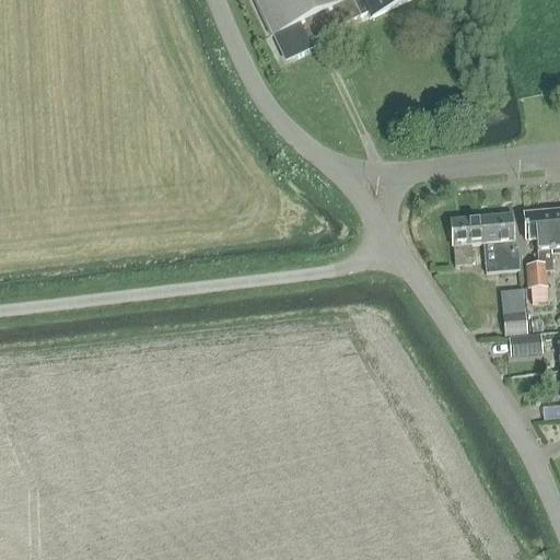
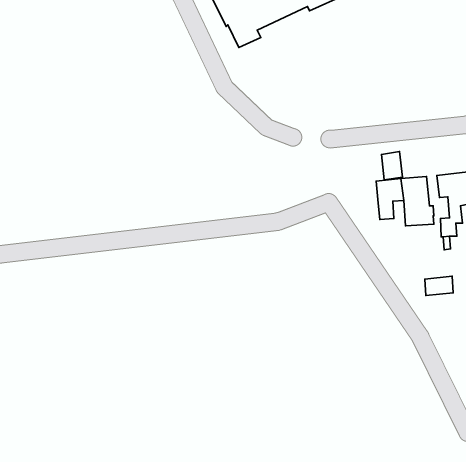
building: none -> [381,152,402,180]
building: [501,285,528,334] -> none

